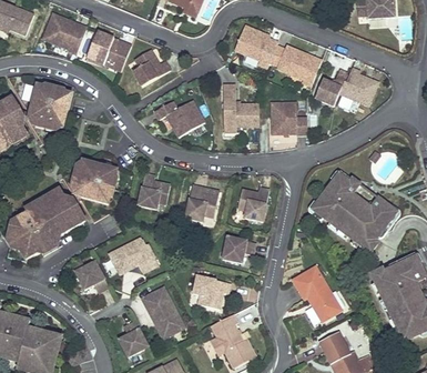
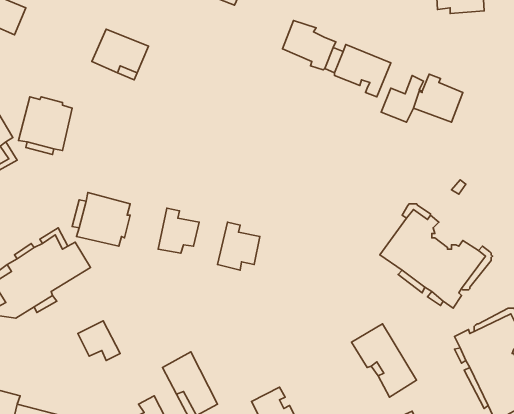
building: [41,13,87,53] -> none
building: [132,48,171,87] -> none
building: [223,82,261,131] -> none
building: [155,98,205,134] -> none
building: [272,102,307,134] -> none
building: [238,187,270,220] -> none
building: [110,236,159,273] -> none
building: [223,236,255,262] -> none
building: [194,275,231,308] -> none

